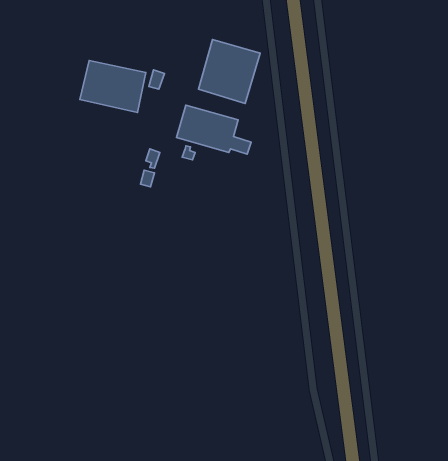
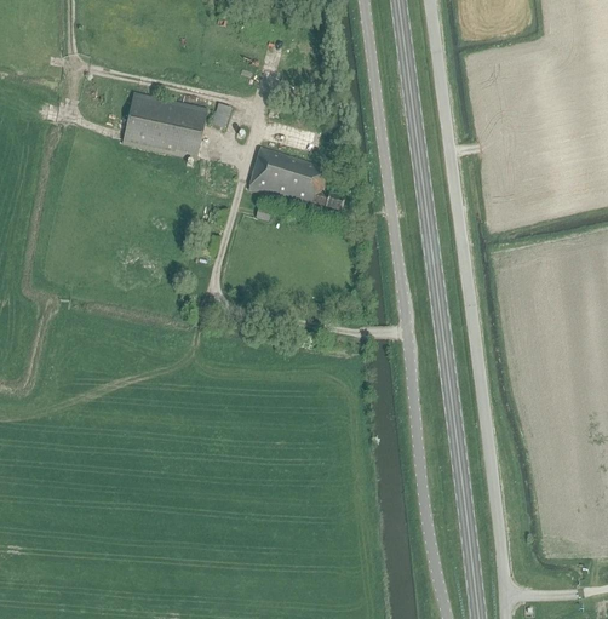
building: [199,39,260,104] -> none

